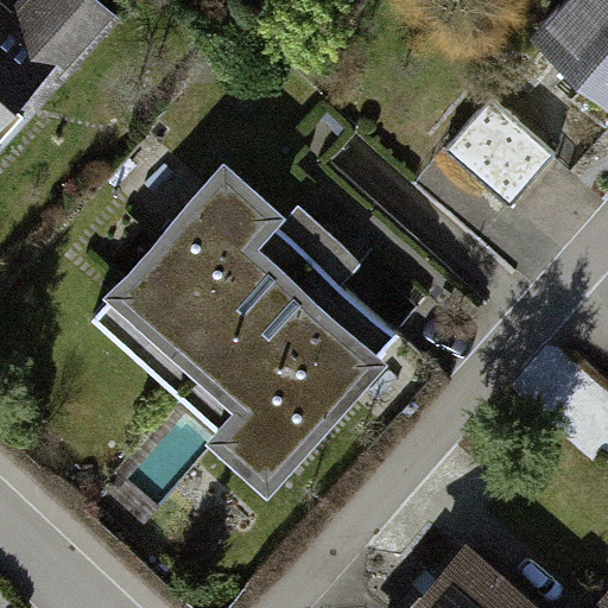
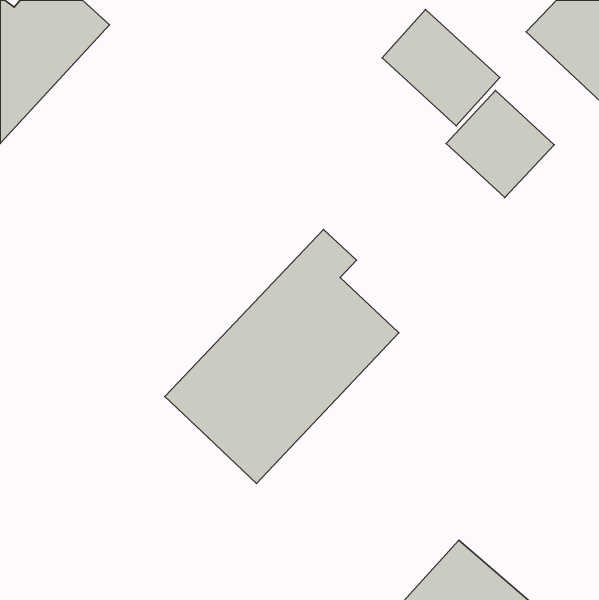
building: none -> [382,10,500,126]
building: [82,152,329,401] -> none

